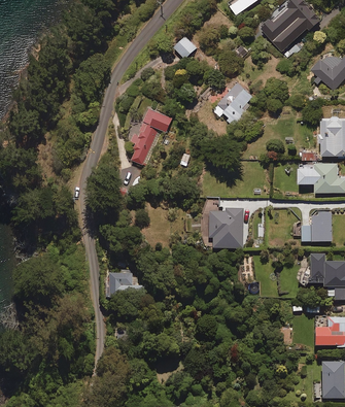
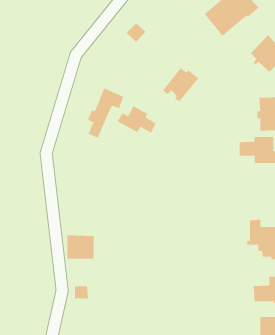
building: none -> [117,105,157,133]
building: [208,207,242,247] -> none
building: [300,212,331,241] -> none

